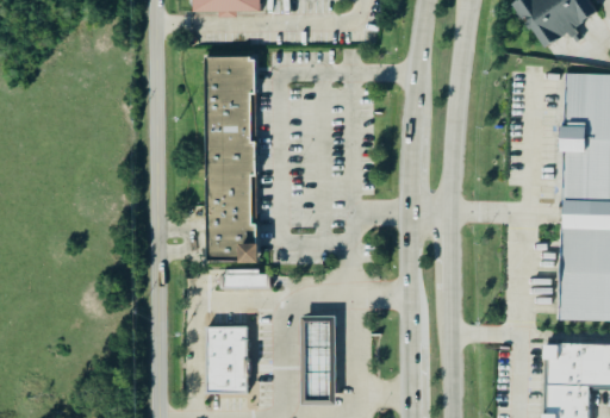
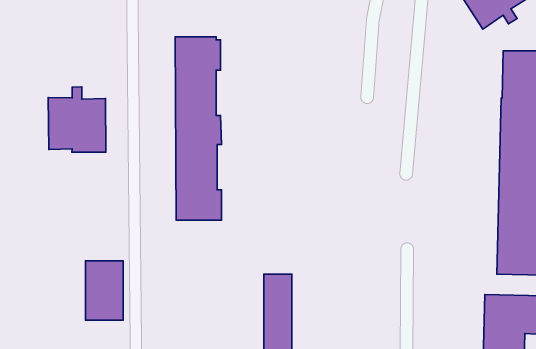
building: none -> [48,87,106,152]
building: [225,268,272,287] -> none
building: [206,327,248,393] -> [85,261,123,320]

